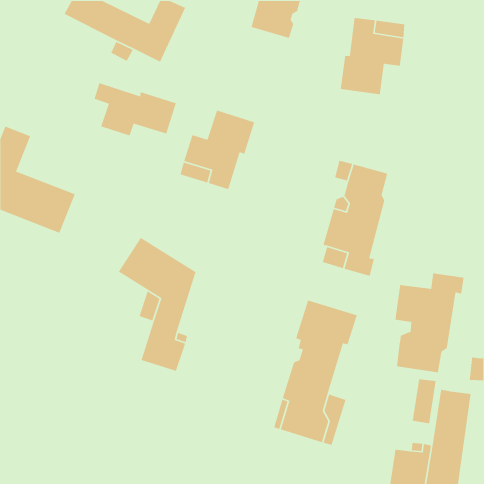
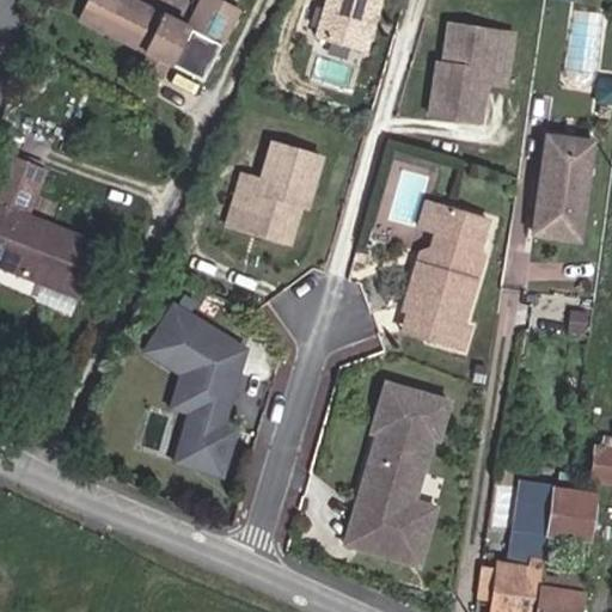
building: [93,82,177,137] -> none
building: none -> [532,139,590,241]
building: [394,273,465,373] -> none

